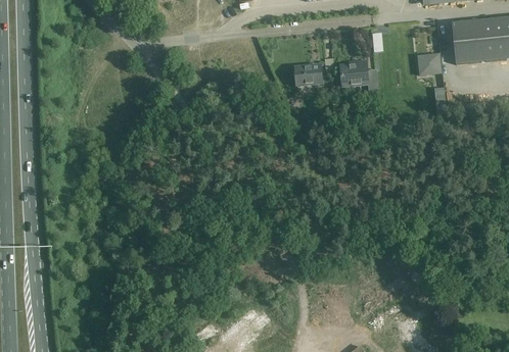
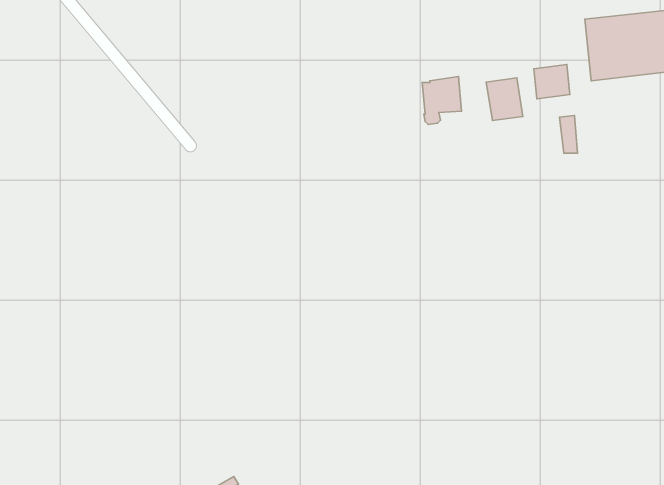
building: none -> [486,78,523,121]
building: [294,64,322,86] -> none

